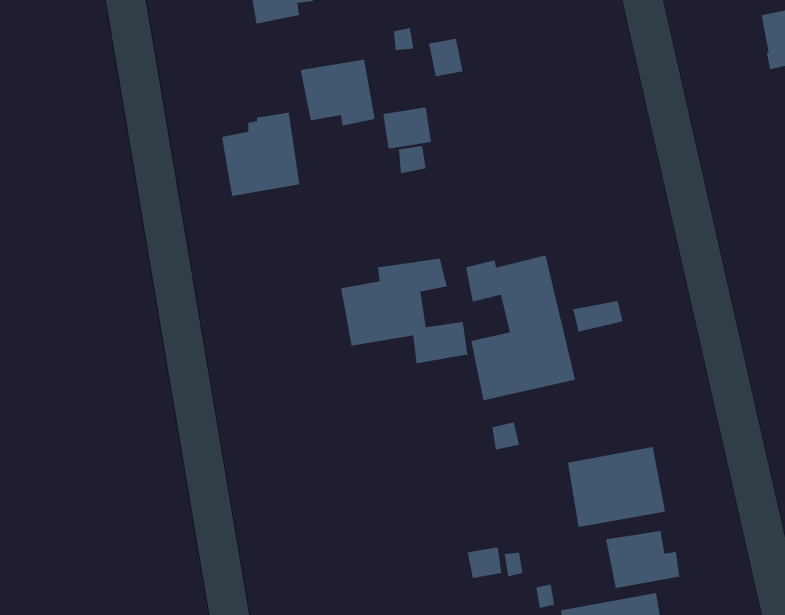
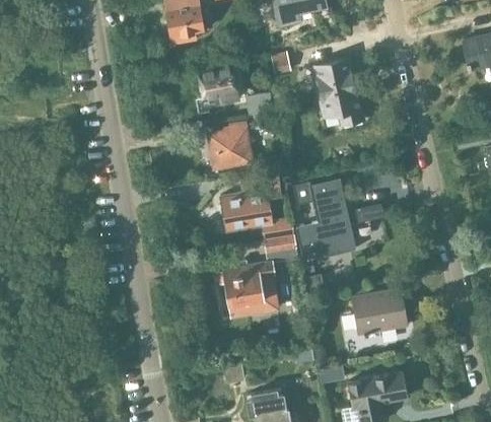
building: none -> [311,59,362,125]
building: [221,112,300,197] -> [208,121,254,169]
building: none -> [222,235,297,319]
building: [605,530,680,589] -> none

